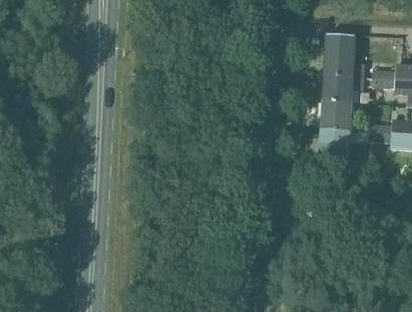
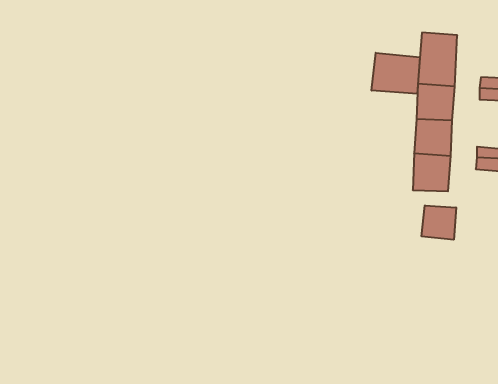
building: none -> [372,53,420,94]
building: none -> [422,205,456,240]

